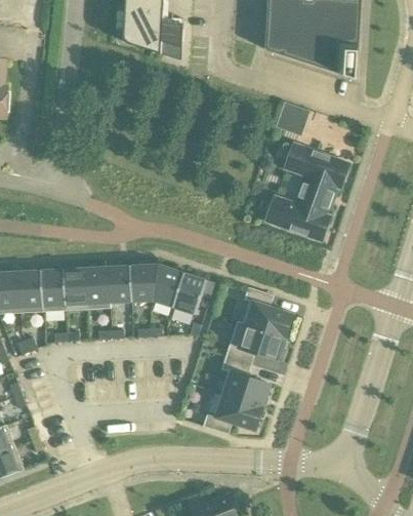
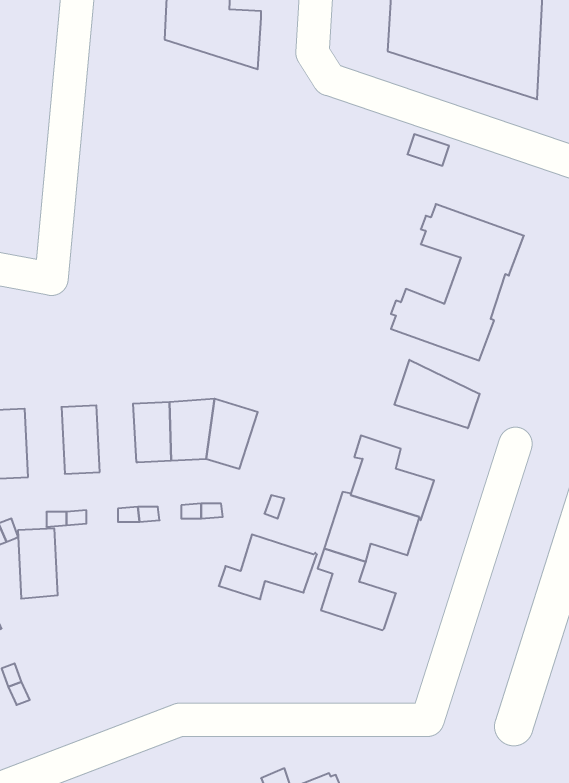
building: none -> [394,360,480,428]
building: [84,267,110,309] -> none
building: [40,269,65,312] -> [18,529,58,599]
building: [172,272,205,314] -> none
building: [202,394,262,434] -> [219,534,317,599]

